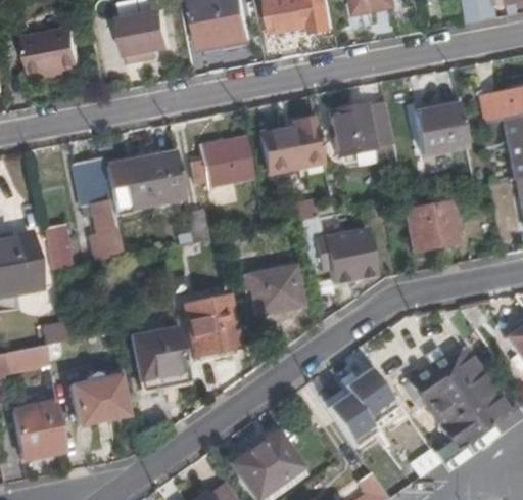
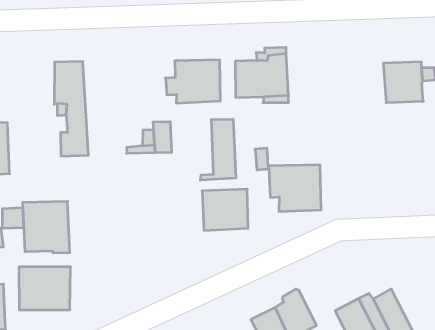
building: [330,100,393,152] -> none
building: [126,153,184,208] -> none
building: none -> [200,119,236,180]
building: [406,200,460,251] -> none
building: [44,223,74,269] -> none
building: [186,294,239,353] -> none
building: [132,328,189,388] -> [23,201,70,253]

